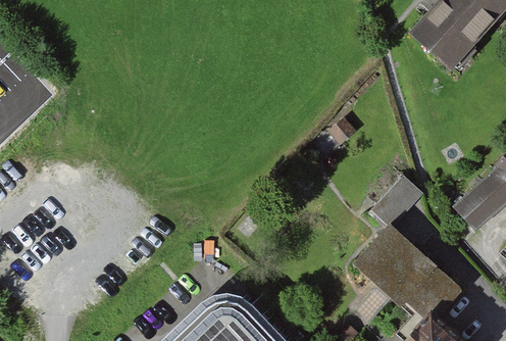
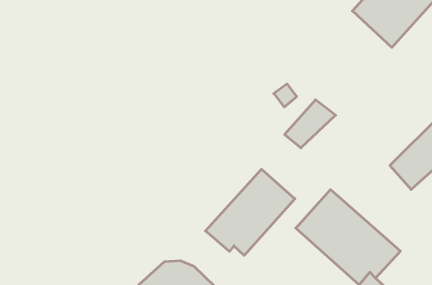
building: [370,170,424,222] -> [285,100,336,148]
building: none -> [205,169,295,255]

